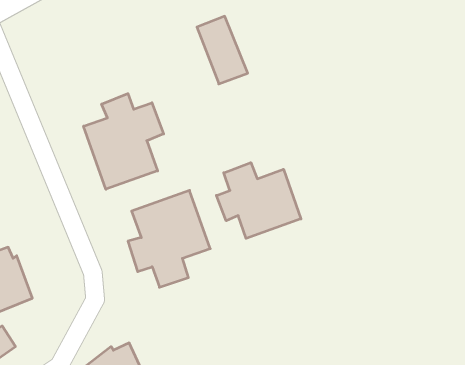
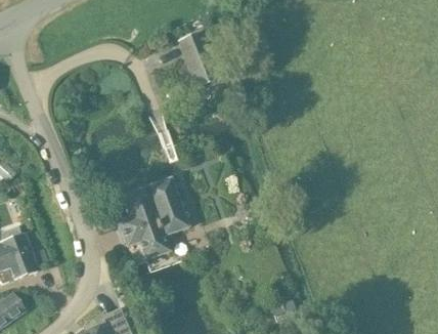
building: [84,94,164,189] -> none
building: [216,163,301,238] -> none

